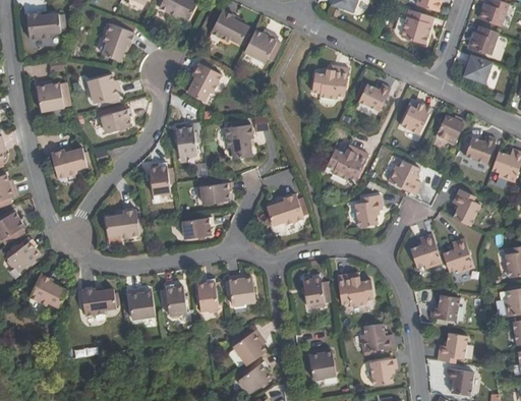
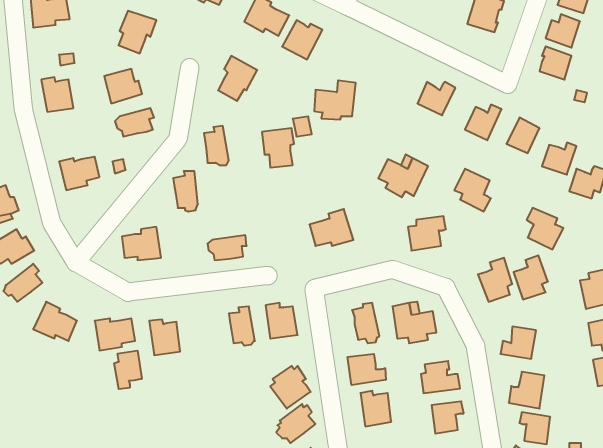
building: [312,66,348,100] -> [314,80,356,120]
building: [197,181,231,203] -> none
building: [165,283,186,316] -> none
building: none -> [114,351,142,389]
building: none -> [348,354,386,385]

